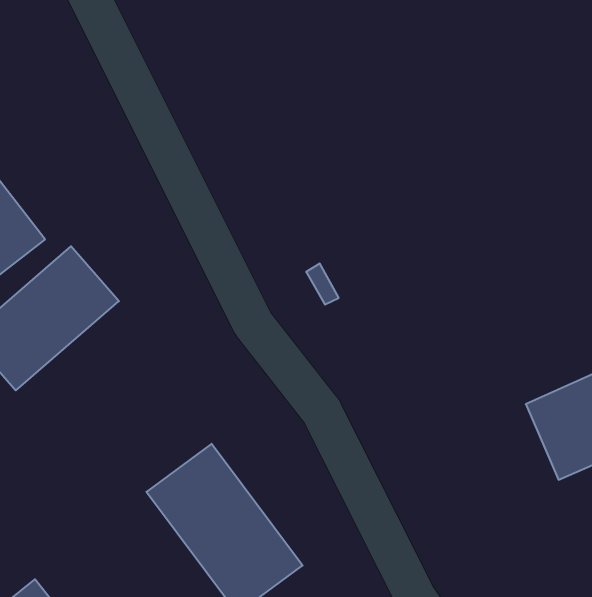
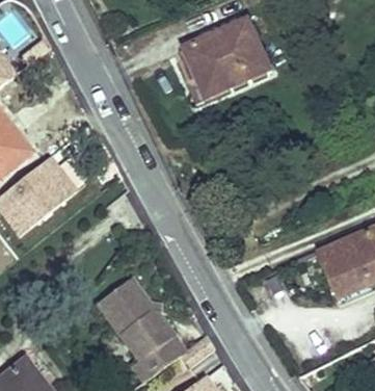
building: none -> [177,21,272,103]

